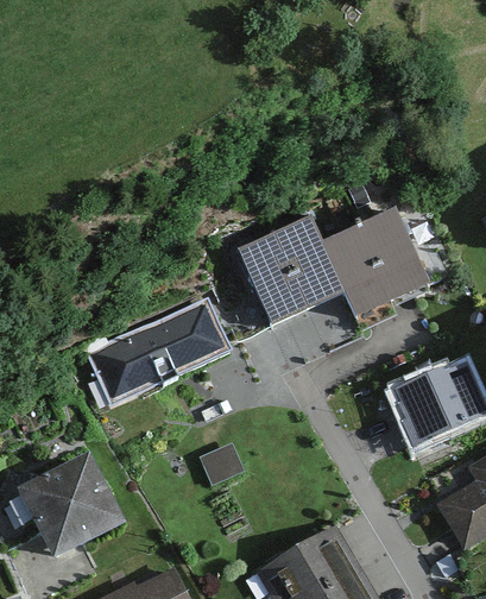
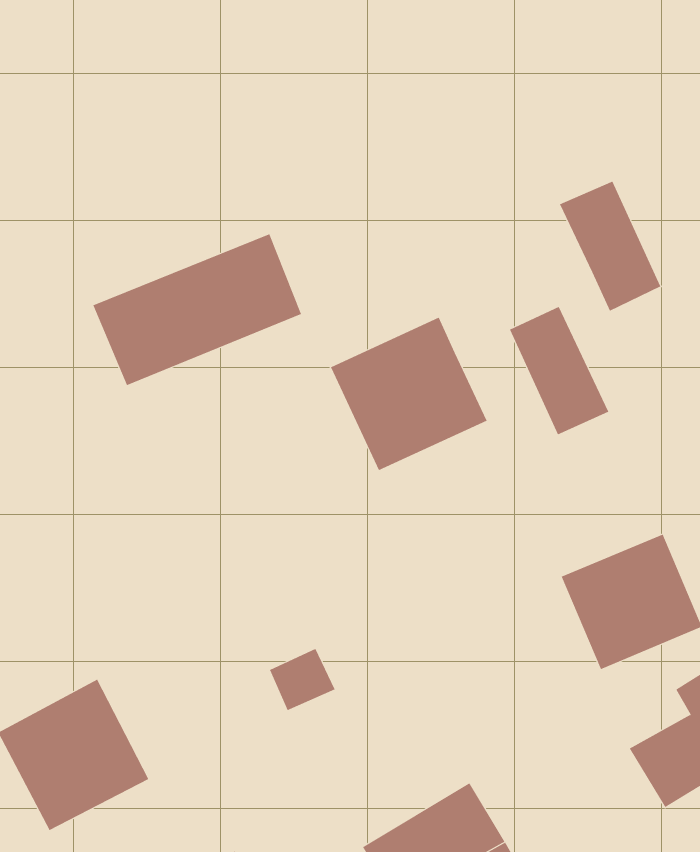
building: [323,227,391,314] -> [559,181,661,312]
building: [89,300,228,401] -> [93,234,302,386]

